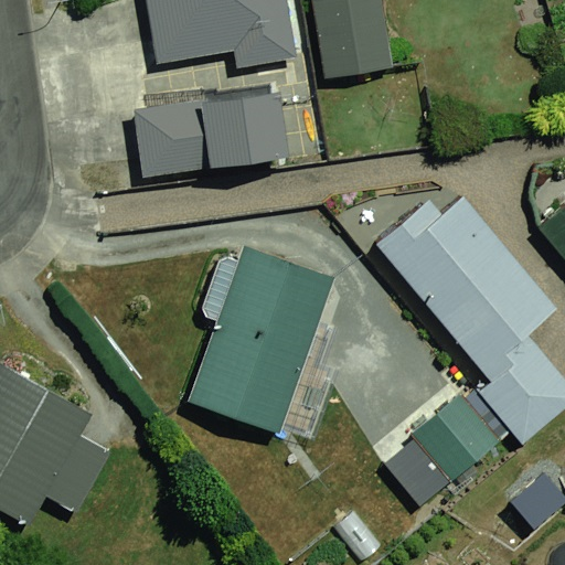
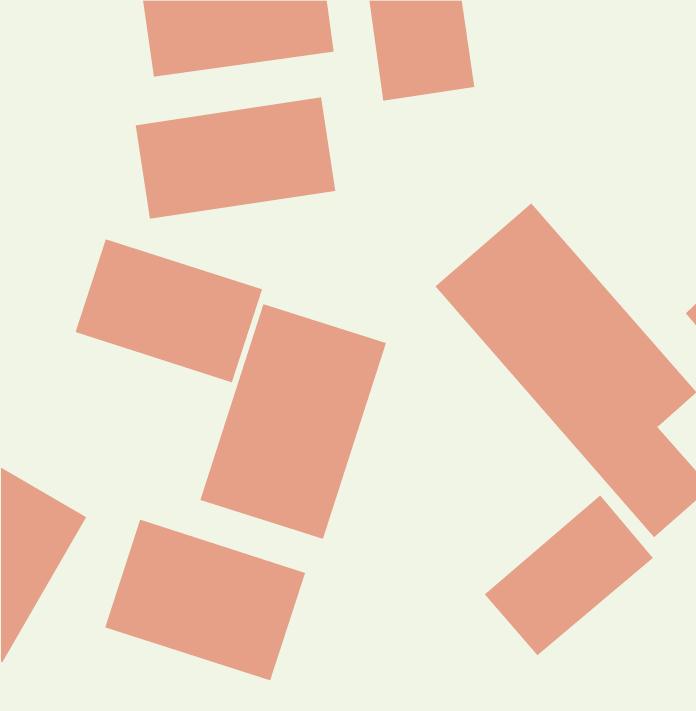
building: none -> [75,238,263,383]
building: none -> [104,519,306,681]

